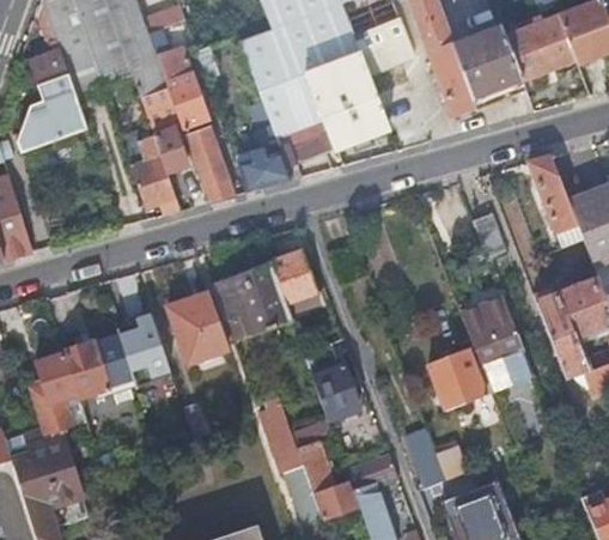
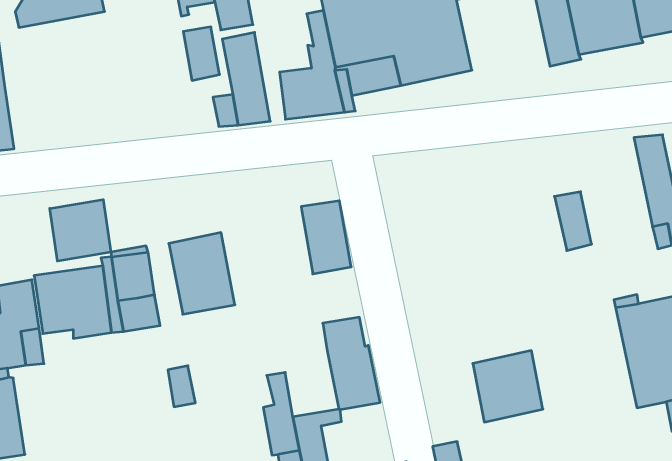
building: [130,134,176,207] -> none
building: [213,263,291,334] -> none
building: none -> [50,200,111,261]
building: [459,295,534,392] -> none

